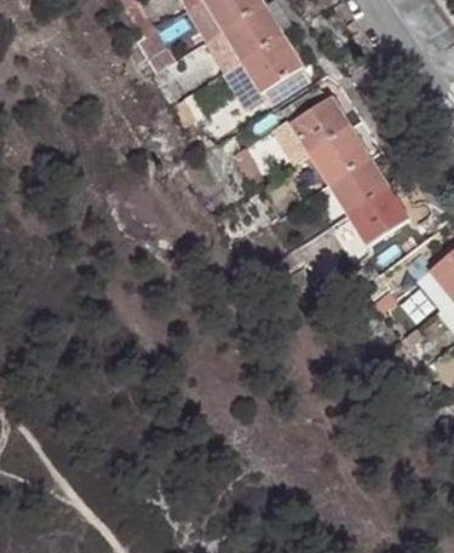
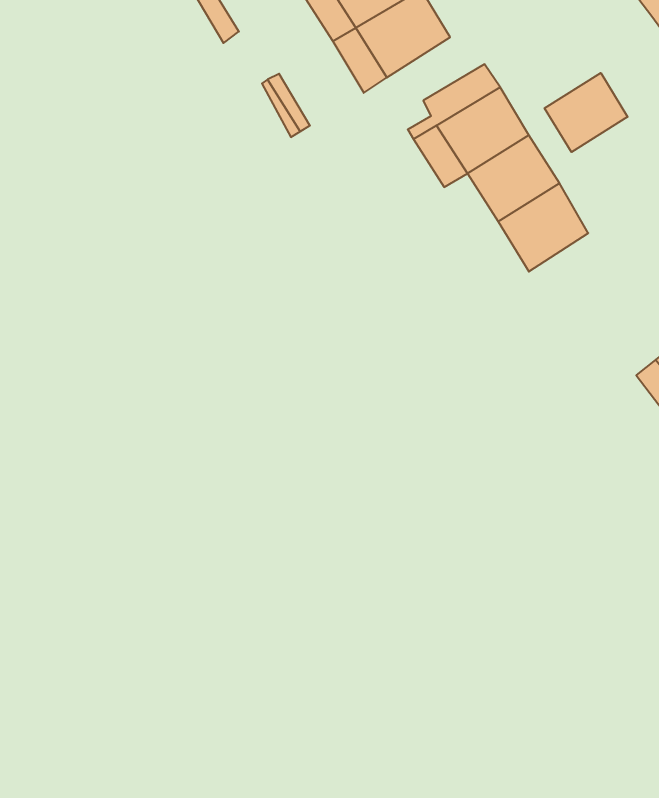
building: none -> [545,73,628,152]
building: [351,191,408,246] -> none

